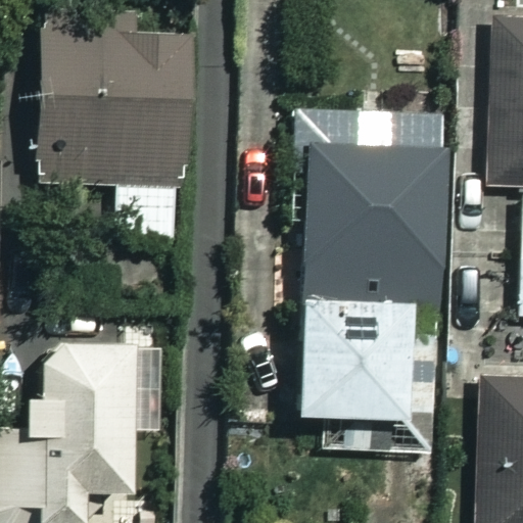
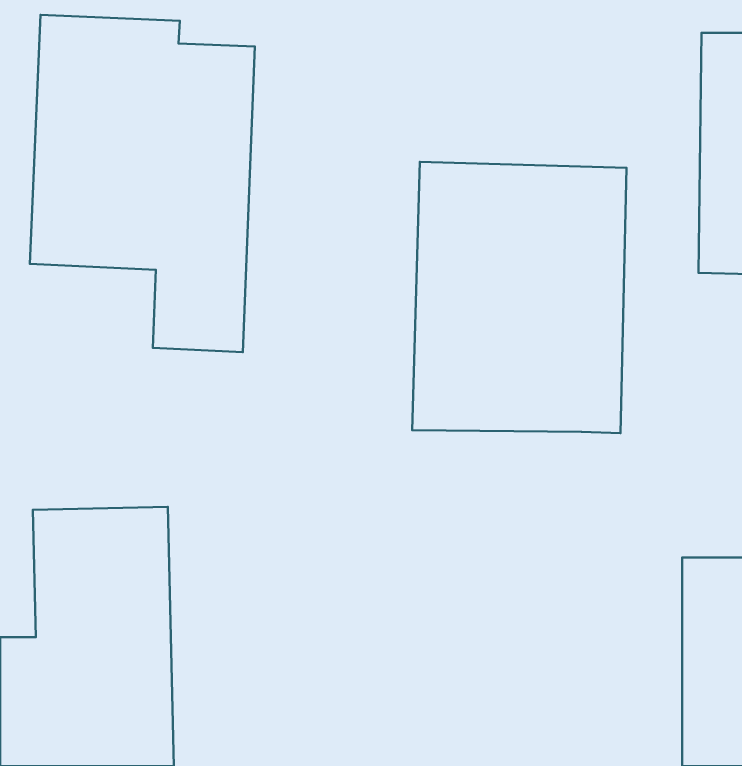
building: [294,293,443,448] -> none

